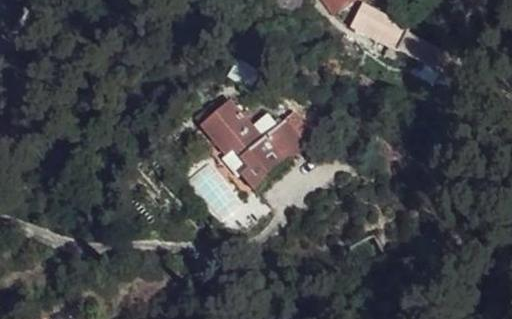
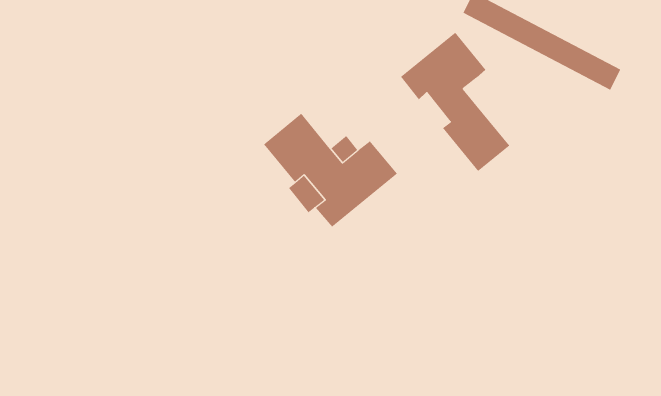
building: none -> [400,32,510,172]

